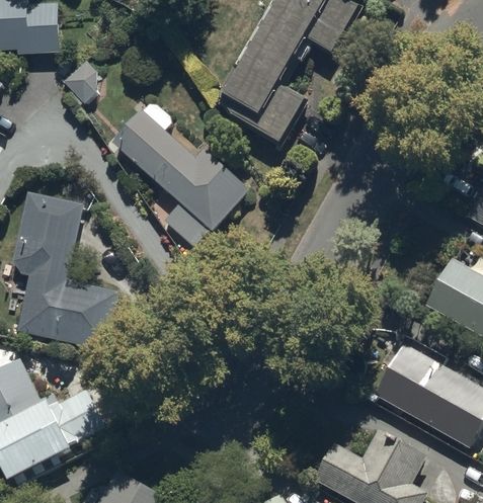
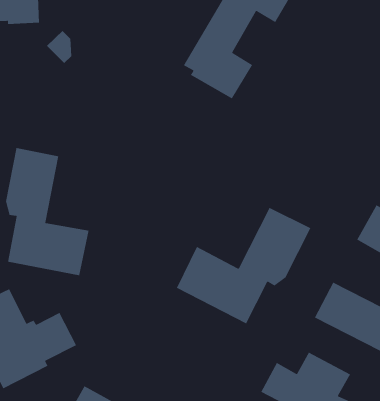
building: [114,111,242,243] -> none
building: none -> [176,207,311,324]

